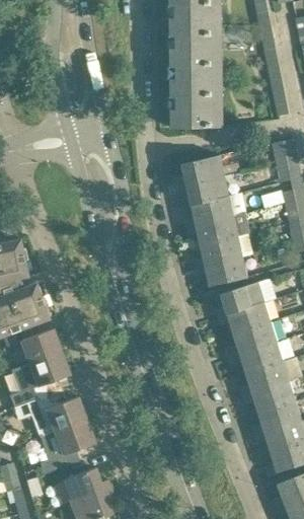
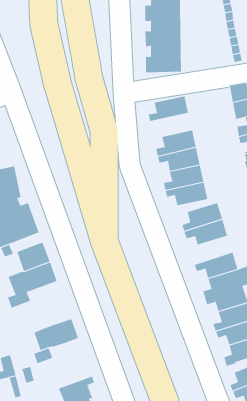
building: [178,175,230,204] -> none
building: [229,321,278,356] -> none
building: [14,396,86,437] -> none
building: [61,467,110,503] -> none

